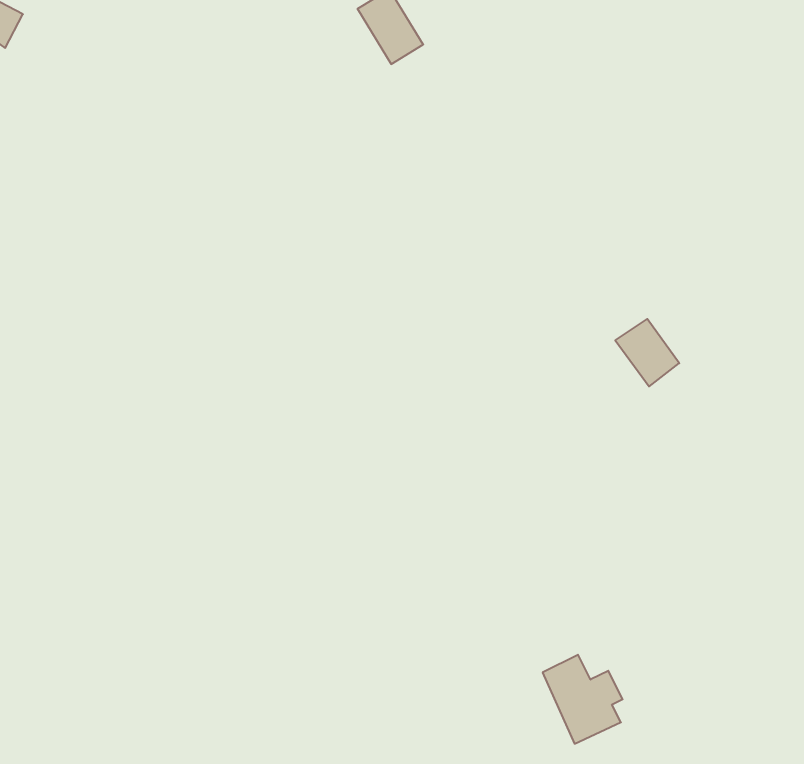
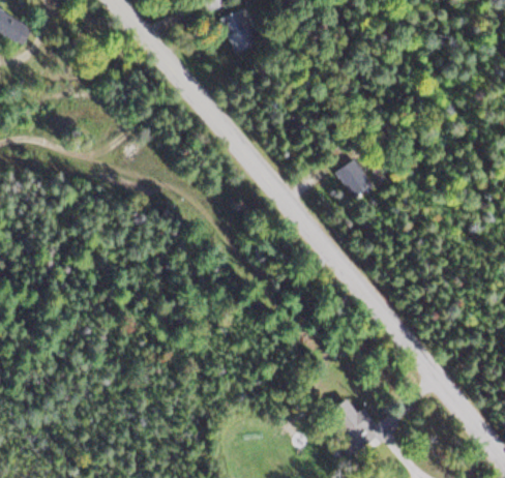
building: [615,319,679,386] -> [334,157,372,197]

